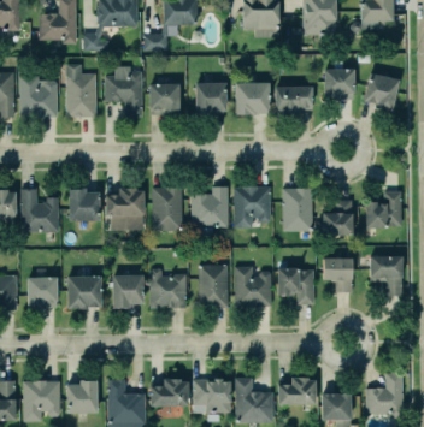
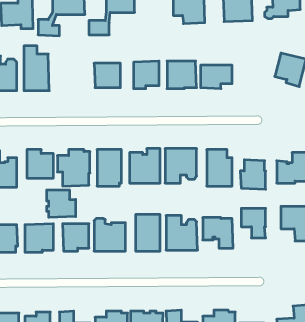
building: [104,66,142,118] -> none
building: [324,70,354,100] -> none
building: none -> [47,190,76,217]

